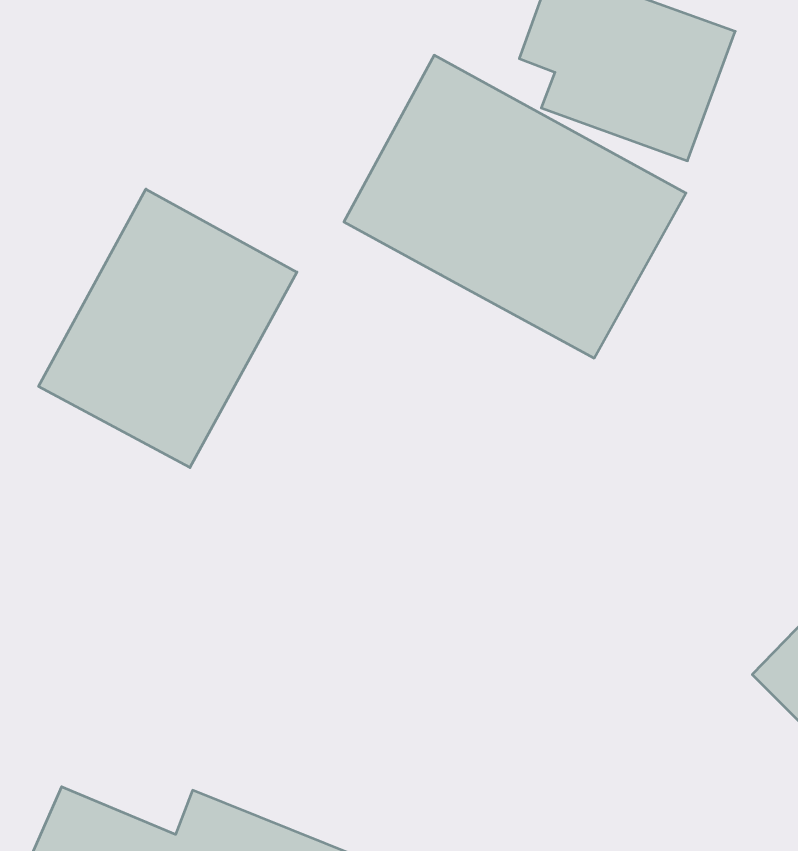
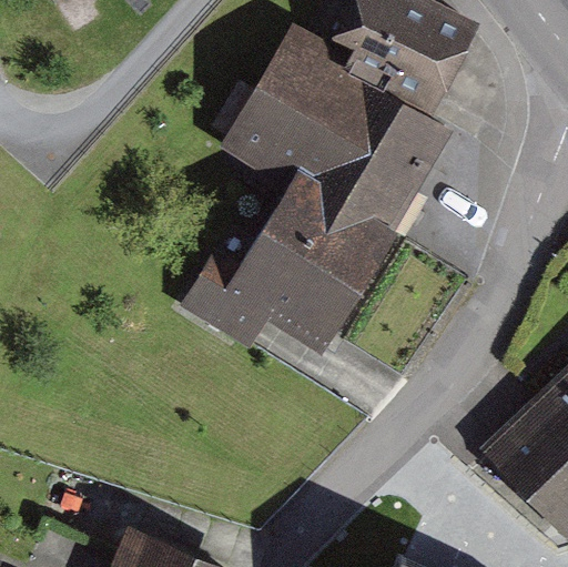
building: [39,189,297,468] -> none
building: none -> [171,186,388,355]

